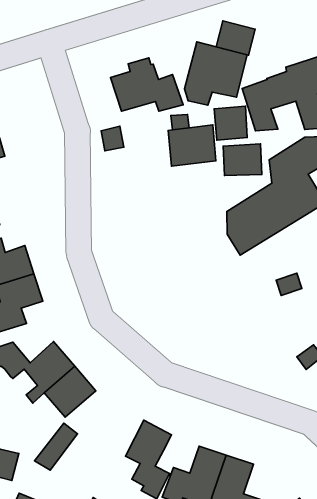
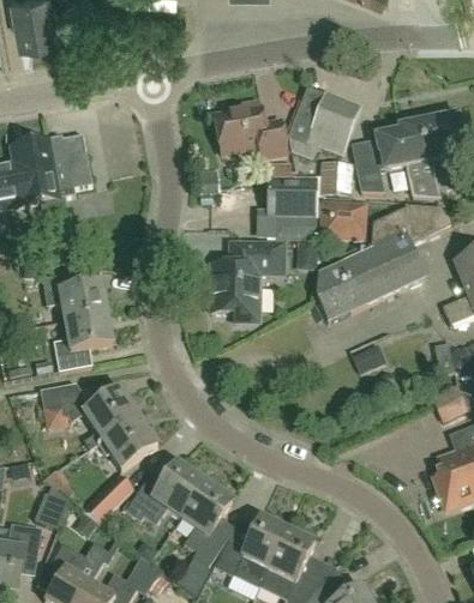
building: [216,21,255,55] -> none
building: none -> [276,216,314,239]
building: none -> [212,242,283,320]
building: none -> [125,463,204,523]

